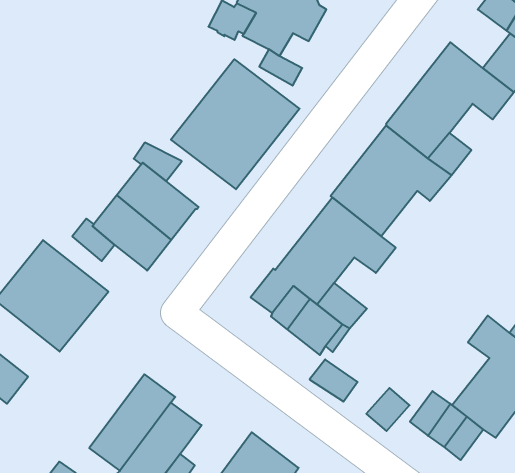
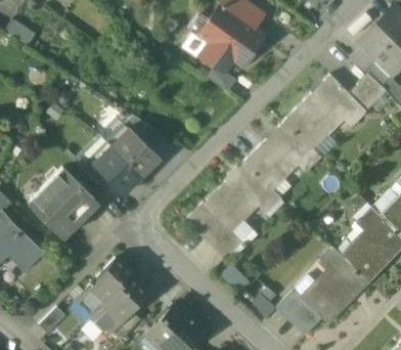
building: [171,59,300,189] -> none

